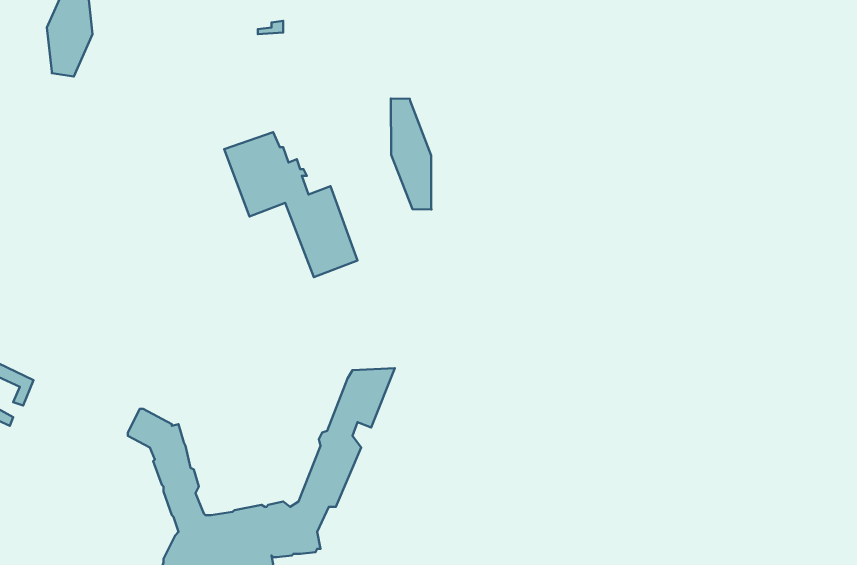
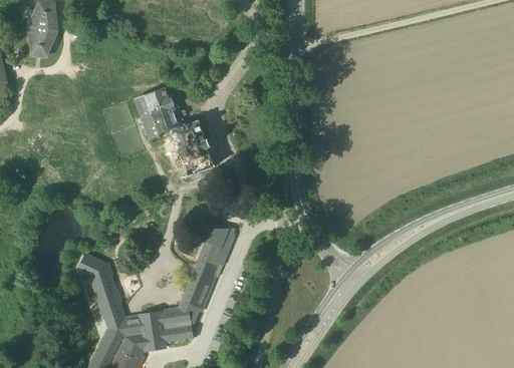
building: [391,99,432,209] -> none

